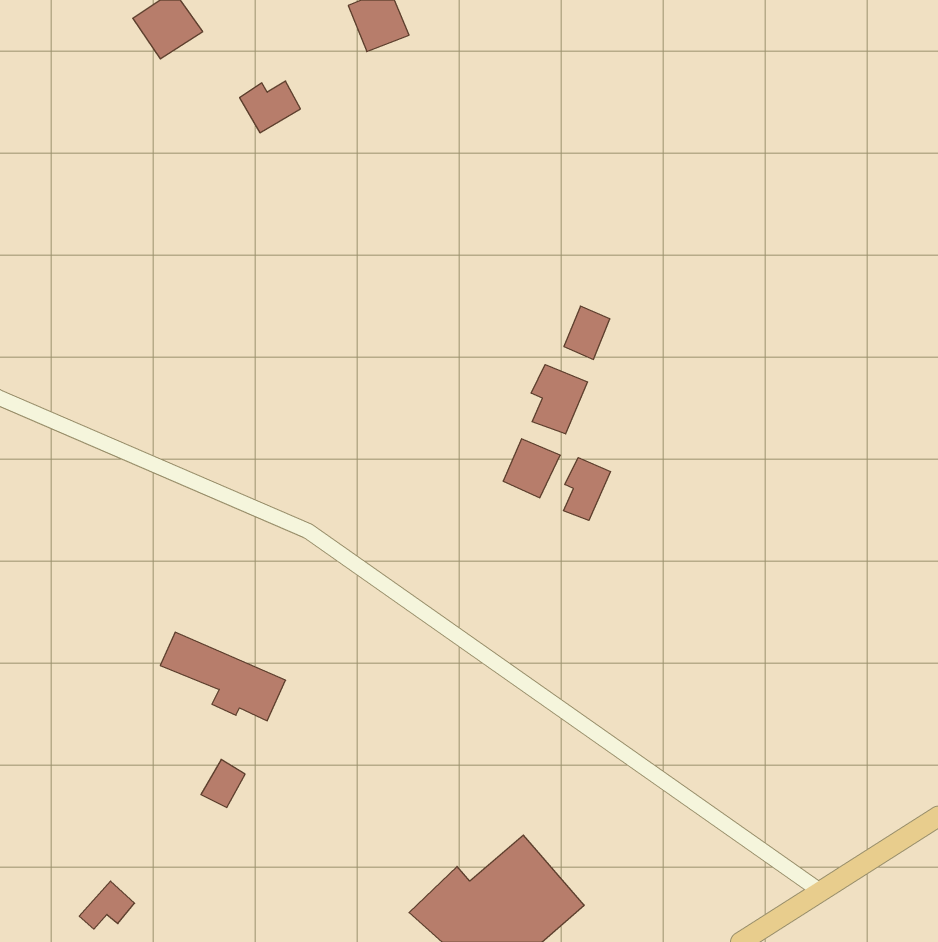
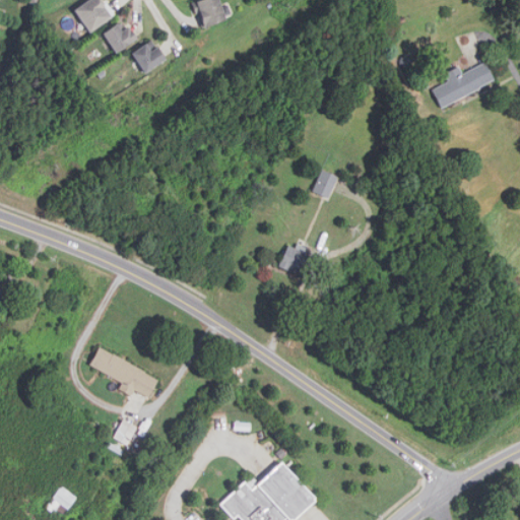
building: none -> [103,24,136,53]
building: none -> [431,63,494,107]
building: [531,365,587,434] -> none
building: [563,458,611,520] -> none

